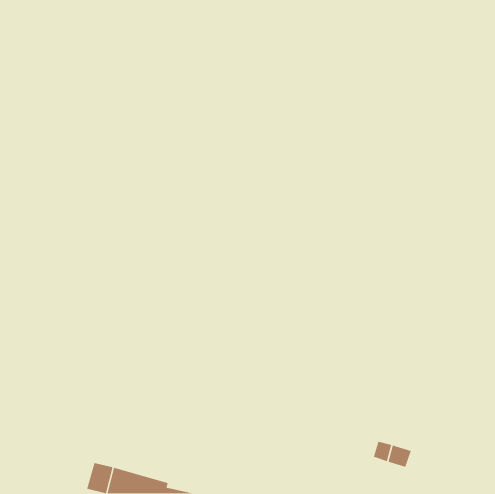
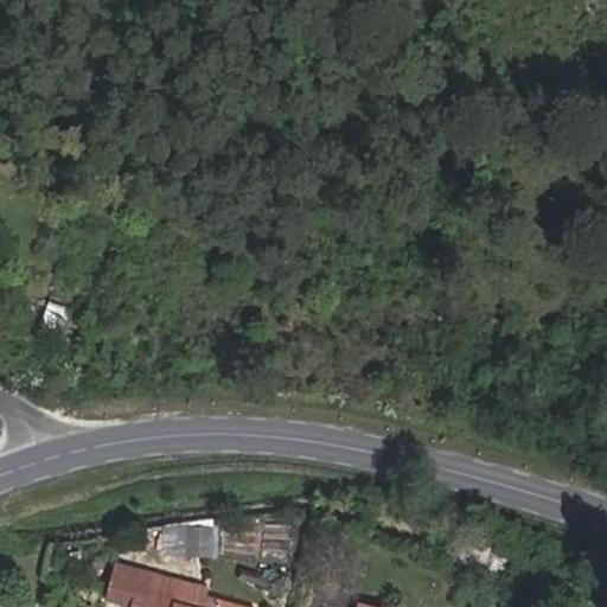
building: none -> [162,528,216,557]

